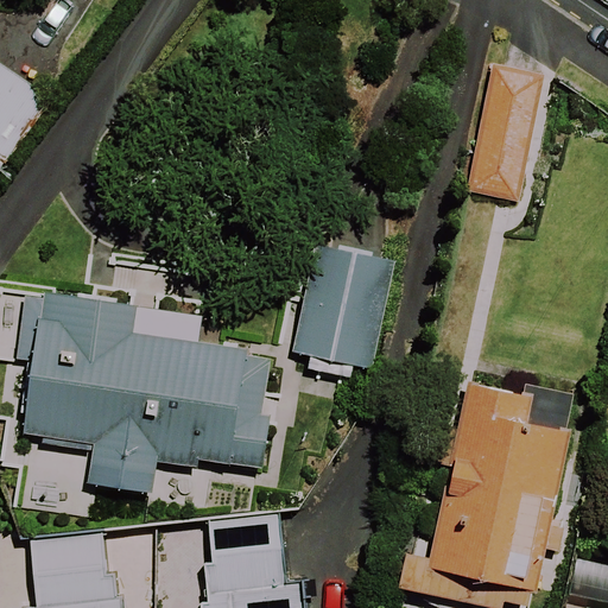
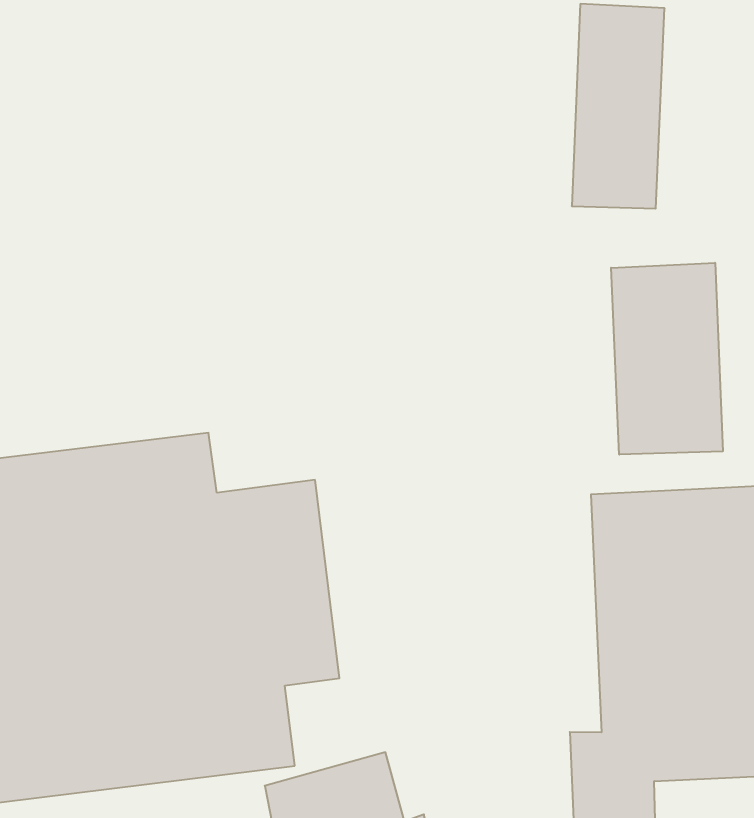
building: none -> [611,263,723,455]
building: [292,243,398,372] -> none

